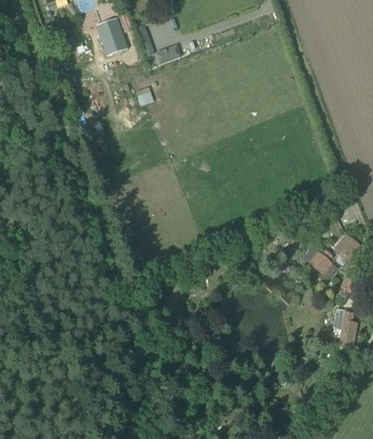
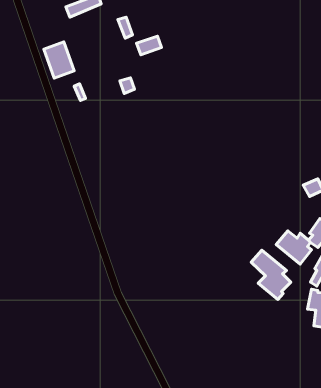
building: [97,17,128,55] -> [44,42,74,78]
building: none -> [251,250,291,299]

